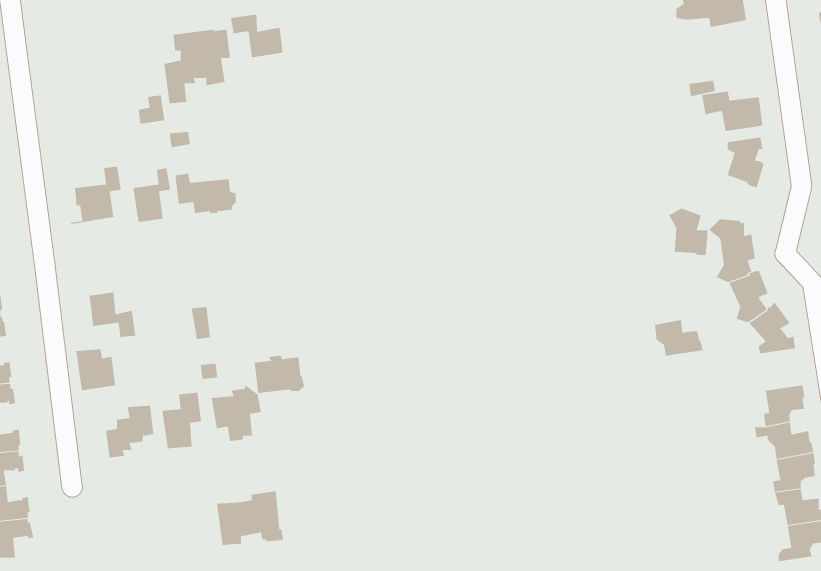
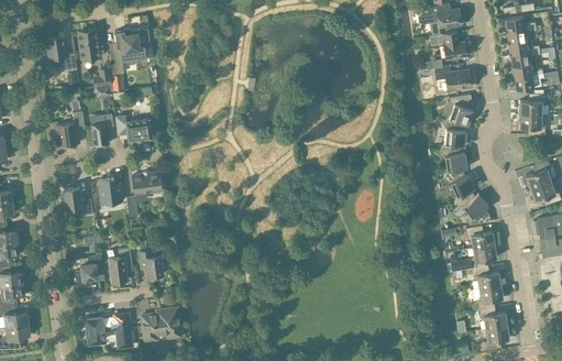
building: [230,14,283,58] -> none
building: none -> [78,30,99,59]
building: none -> [429,32,466,59]
building: none -> [44,36,76,69]
building: [668,208,708,255] -> [441,117,465,145]
building: [654,320,703,356] -> [465,225,495,247]
building: [76,349,116,391] -> [98,178,122,204]
building: [254,355,305,393] -> [132,171,163,194]
building: none -> [86,315,132,347]

